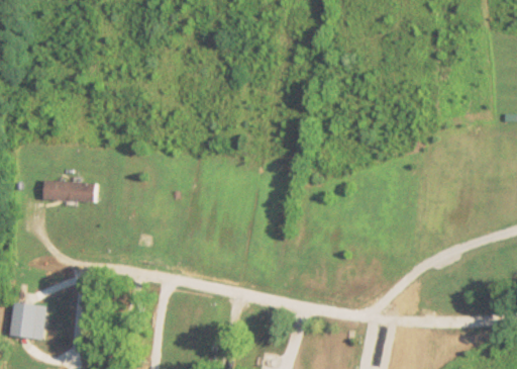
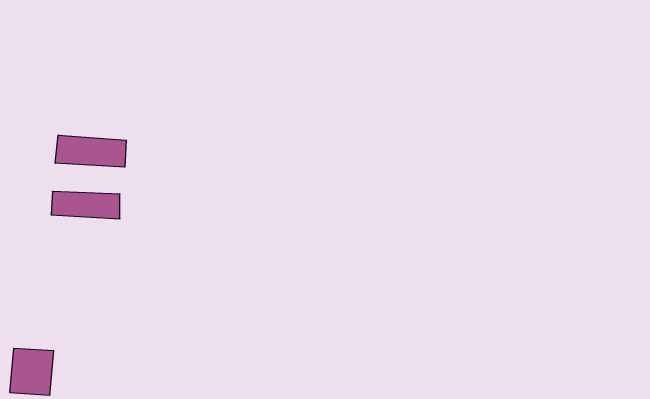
building: none -> [55,135,126,167]

